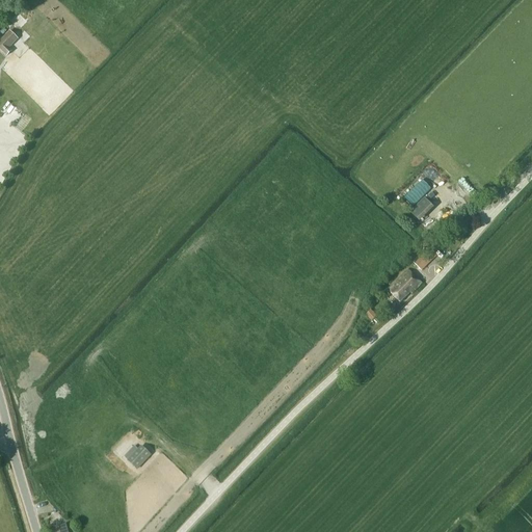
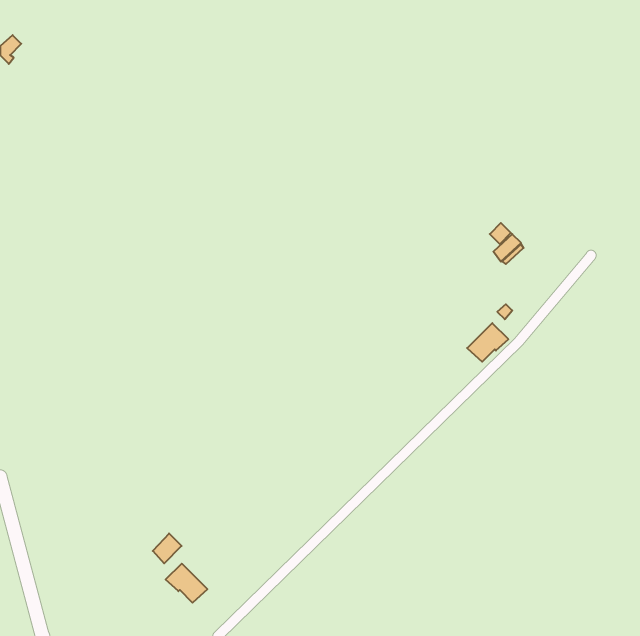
building: none -> [166,564,207,603]

